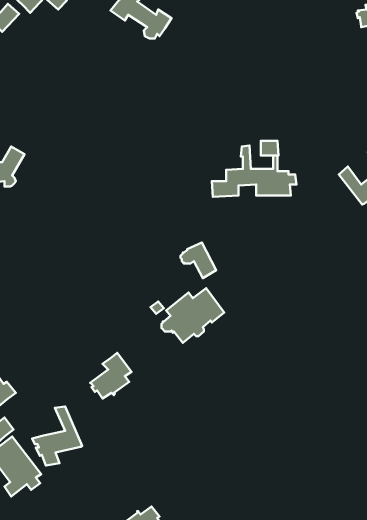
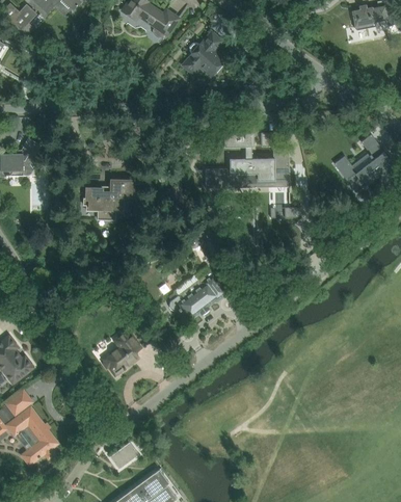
building: none -> [183,32,225,74]
building: none -> [87,181,134,220]
building: [32,406,82,466] -> none
building: none -> [110,443,139,470]

